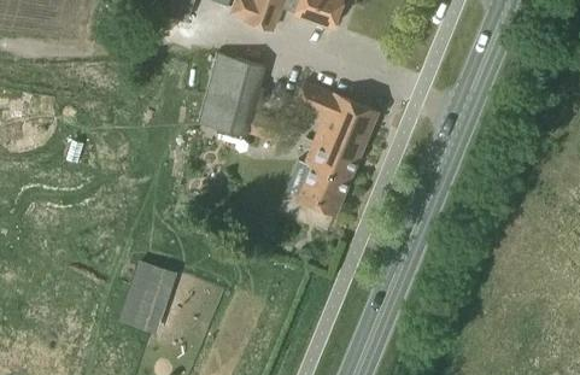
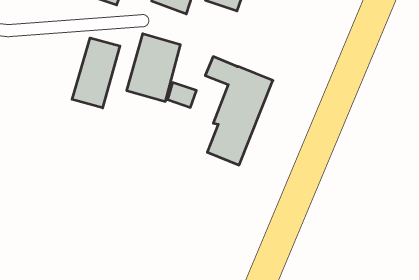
building: none -> [72,38,120,108]
building: [134,264,175,332] -> none

